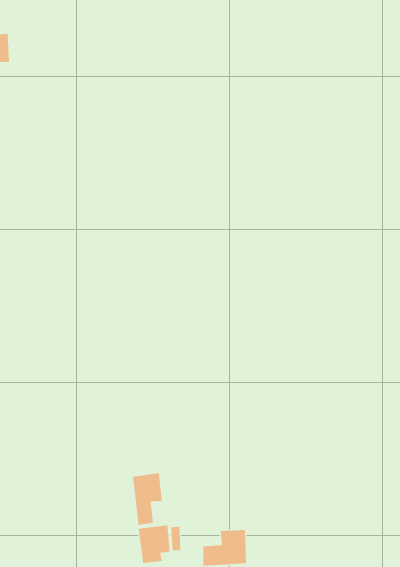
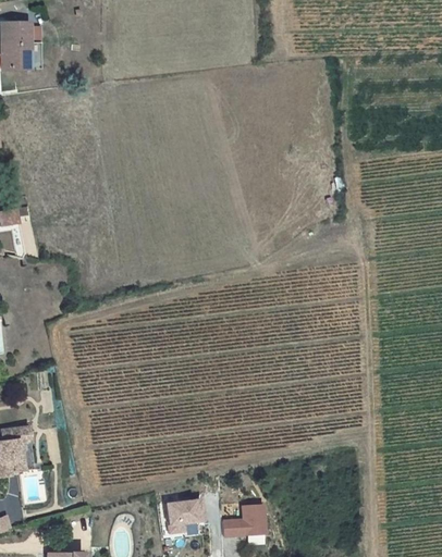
building: [133,473,162,526] -> none

